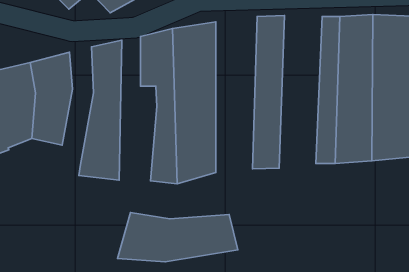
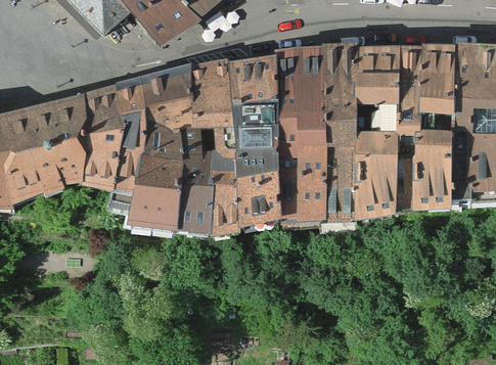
building: none -> [339,44,387,214]
building: none -> [268,45,314,219]
building: none -> [161,67,202,228]
building: none -> [94,79,132,210]
building: [118,212,238,262] -> none

